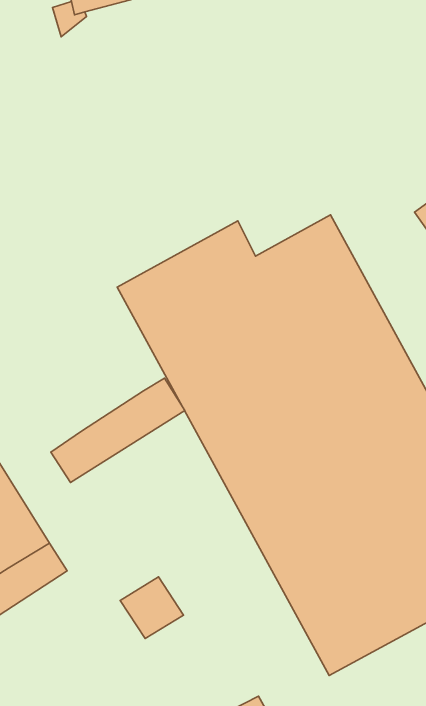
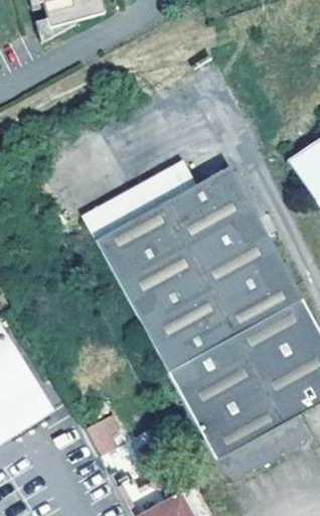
building: [51,378,185,482] -> none

